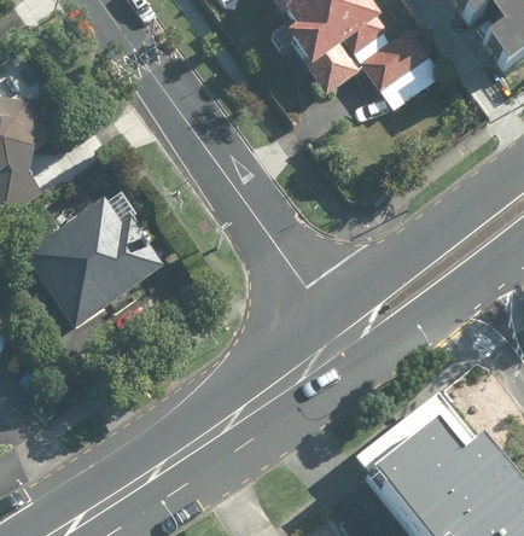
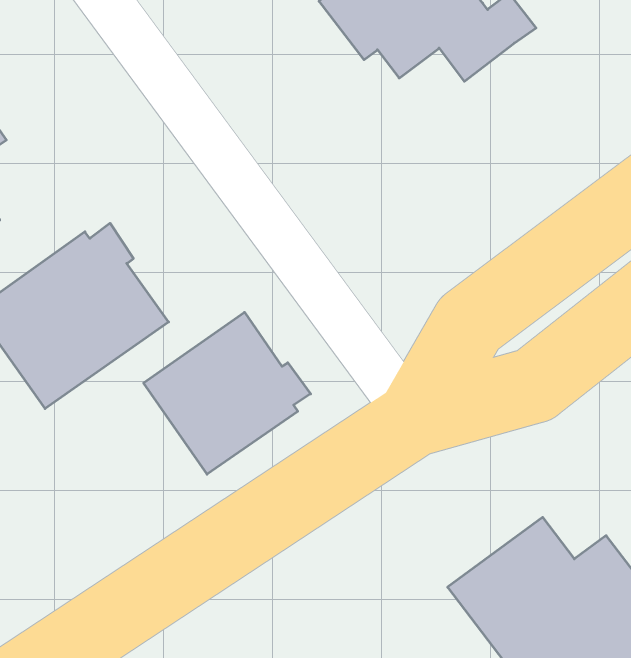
building: none -> [144,312,311,474]

